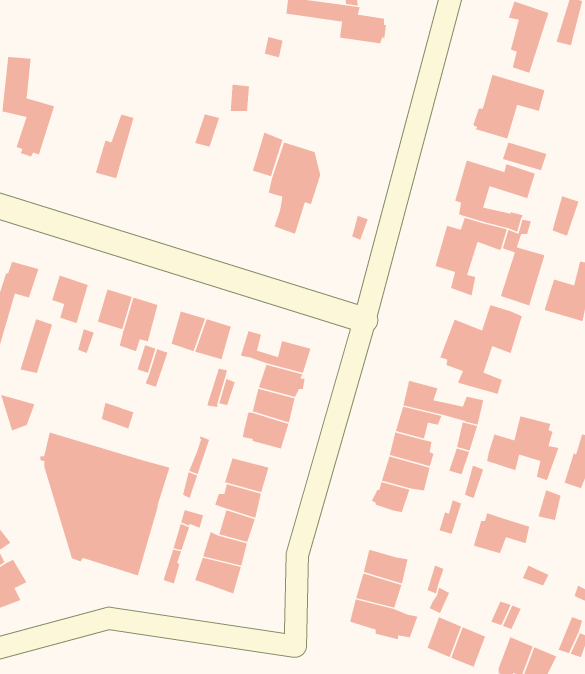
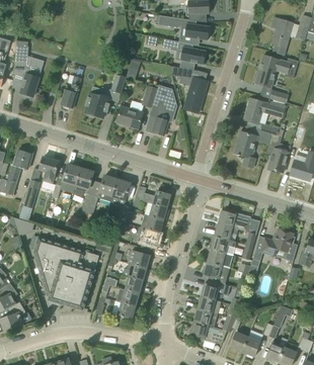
building: none -> [162,38,207,64]
building: none -> [169,66,207,112]
building: none -> [84,86,110,118]
building: none -> [116,105,143,128]
building: [439,304,523,395] -> none
building: [473,512,530,554] -> [201,279,230,300]

